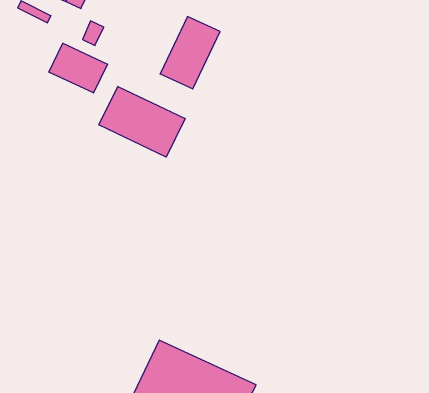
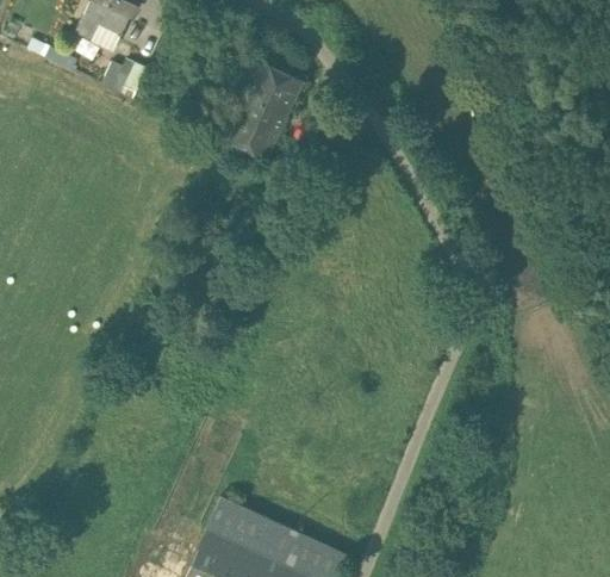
building: [49,43,107,93] -> none
building: [99,86,185,157] -> none

